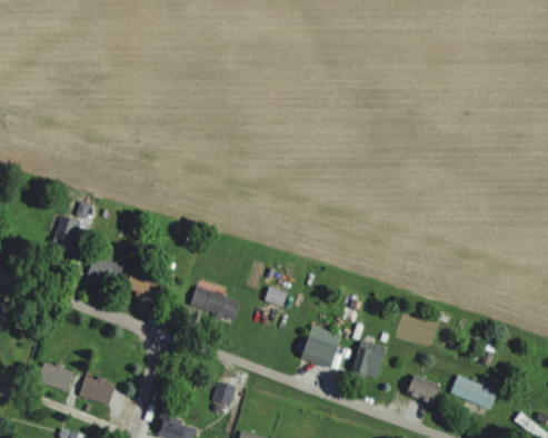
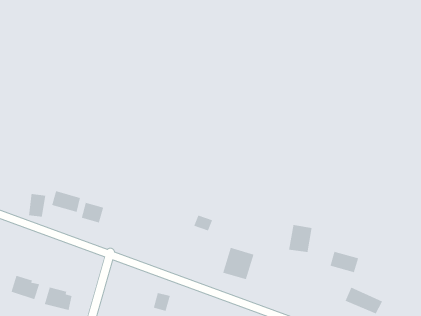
building: [57,218,79,248] -> [28,193,46,218]
building: [189,286,240,321] -> none
building: [353,341,383,377] -> [288,224,313,253]
building: [405,376,441,404] -> [329,251,359,273]

